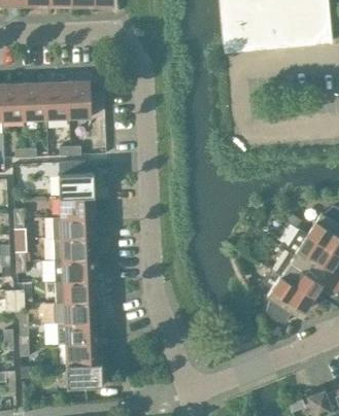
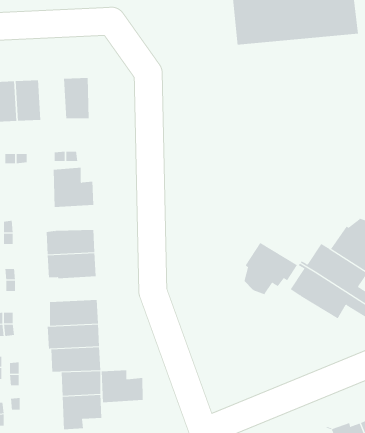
building: [46,81,70,118] -> none
building: [60,195,96,217] -> none
building: [55,258,99,281] -> none
building: [266,276,314,323] -> [244,242,298,295]
building: none -> [101,369,143,403]

